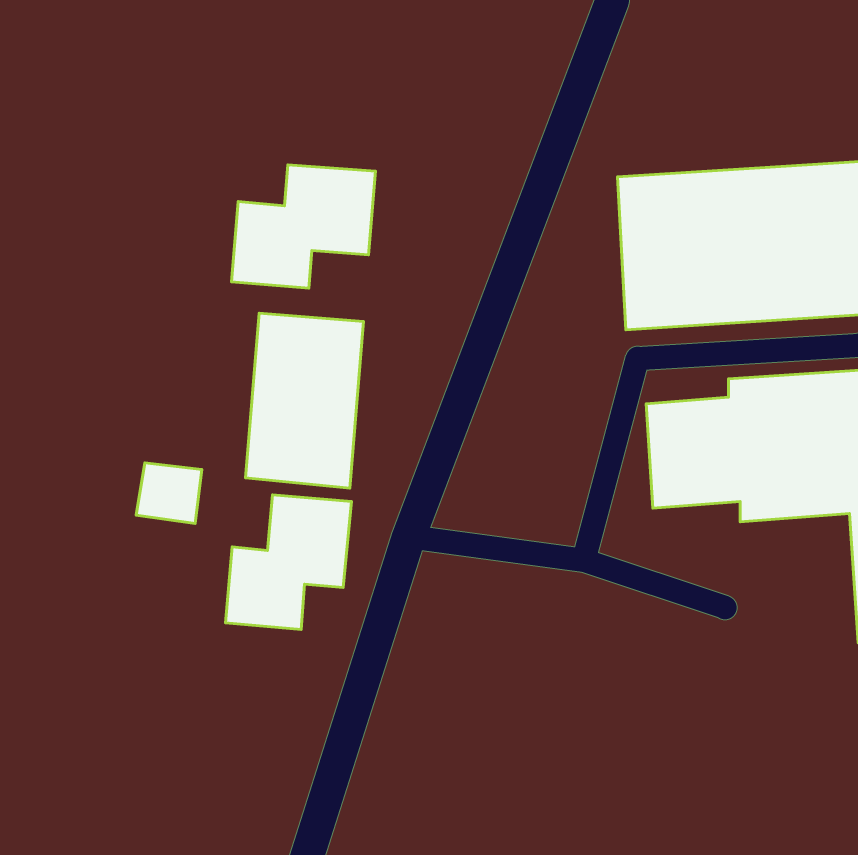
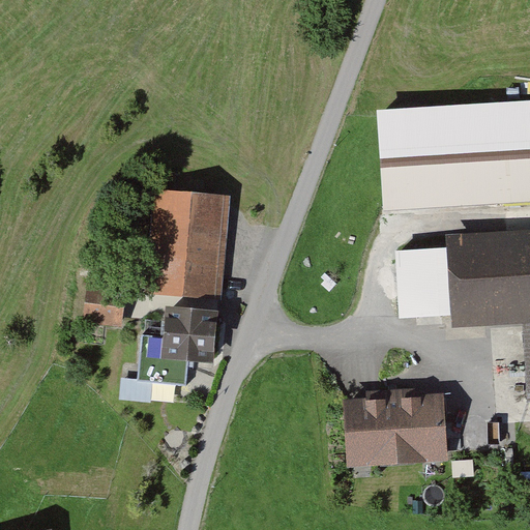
building: [232,165,376,288] -> none
building: none -> [335,390,449,467]

